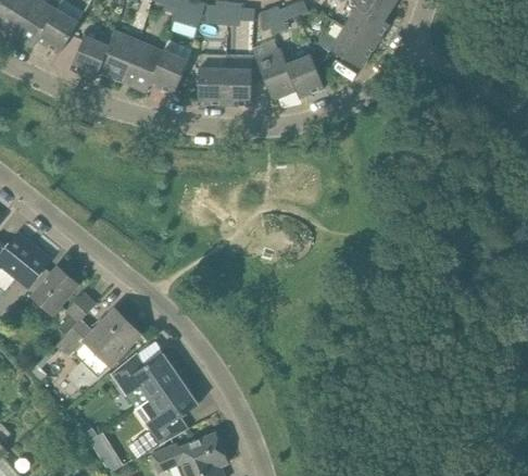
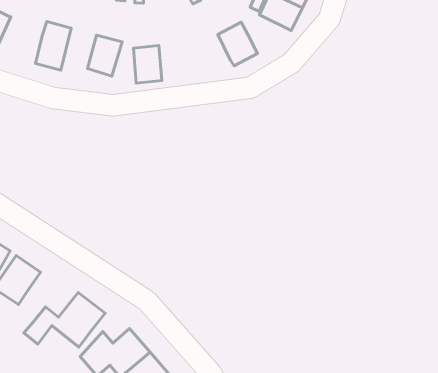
building: [70,36,106,79] -> none
building: [122,41,162,92] -> none
building: [254,49,294,100] -> none
building: [223,68,251,105] -> none
building: [56,290,96,335] -> none

